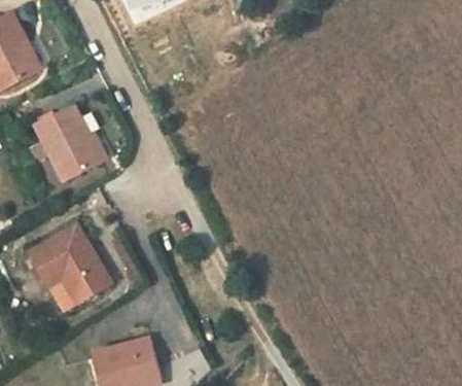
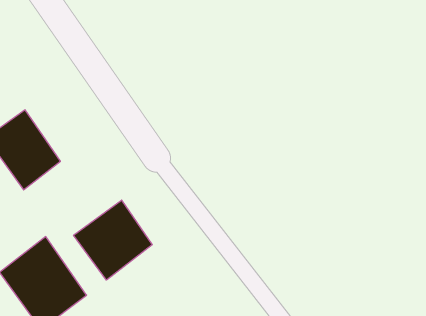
building: none -> [74,200,152,280]

